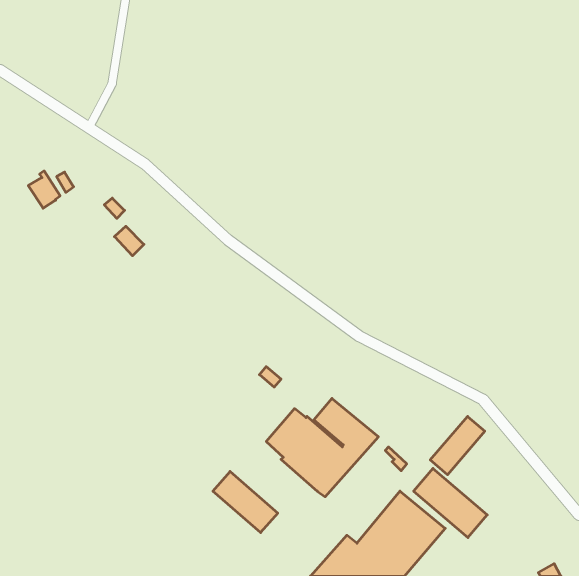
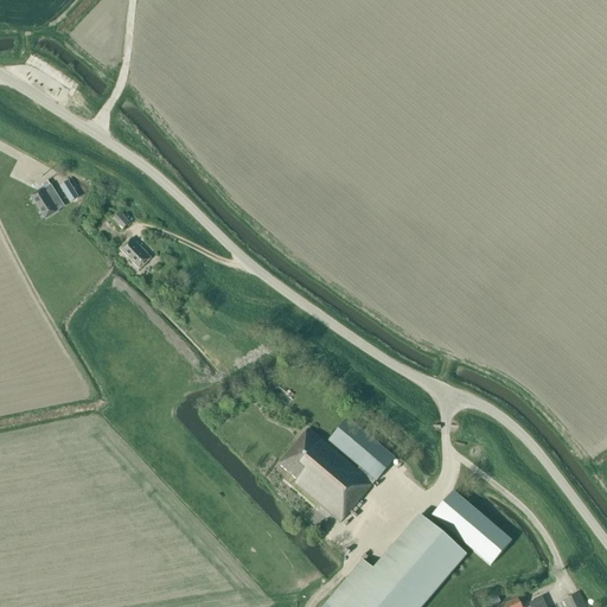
building: [430,416,485,475] -> none
building: [213,471,278,533] -> none

